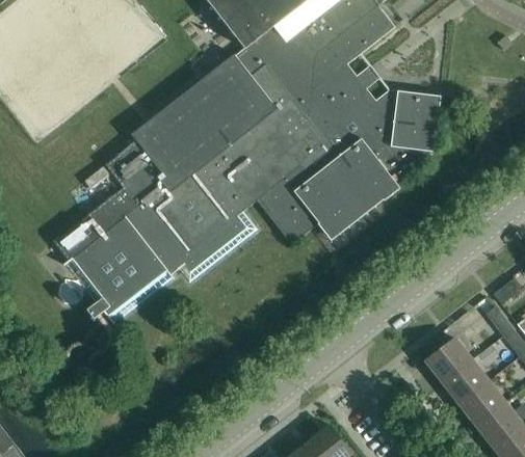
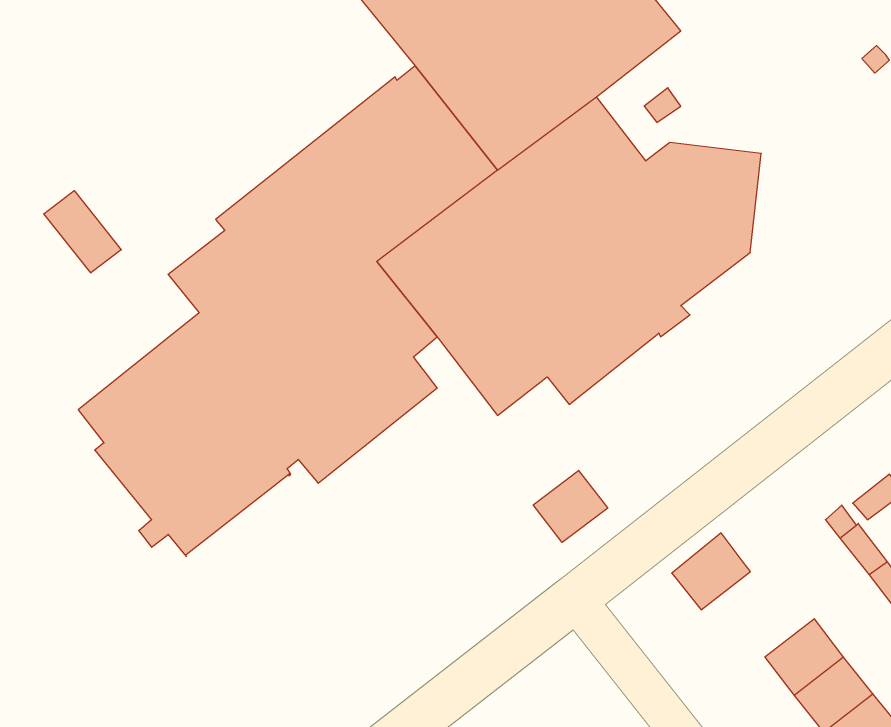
building: none -> [44,191,121,273]
building: none -> [533,470,608,542]
building: [426,338,471,381] -> [672,533,750,610]

